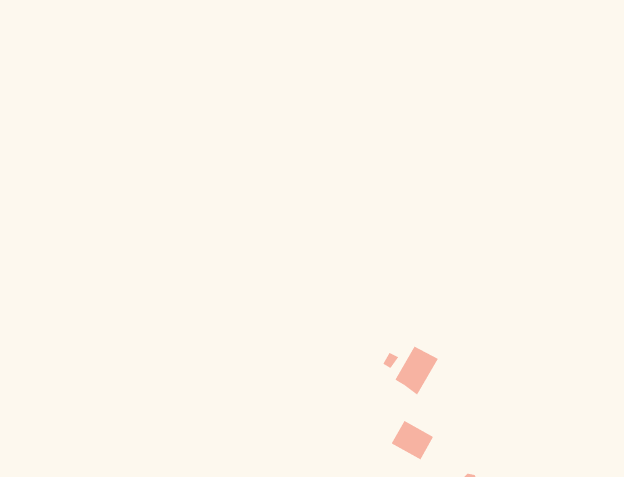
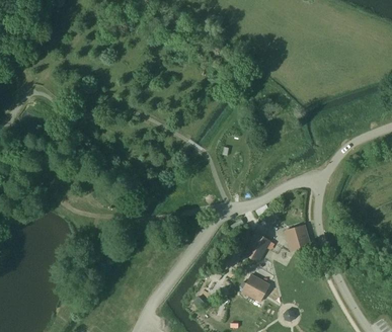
building: none -> [288,226,311,251]

